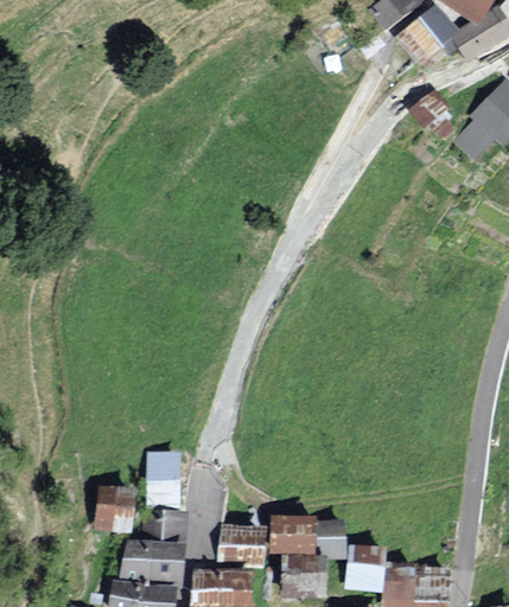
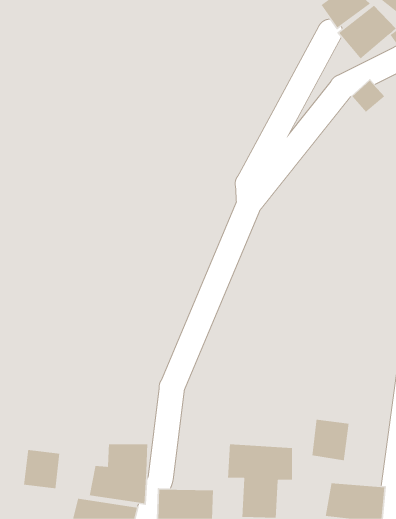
building: [146,456,183,513] -> none
building: [90,485,133,531] -> [23,449,60,489]
building: [216,519,266,564] -> none
building: [343,541,387,589] -> [312,419,350,461]

